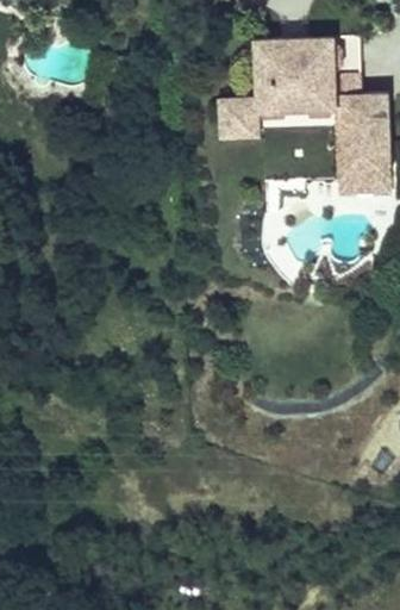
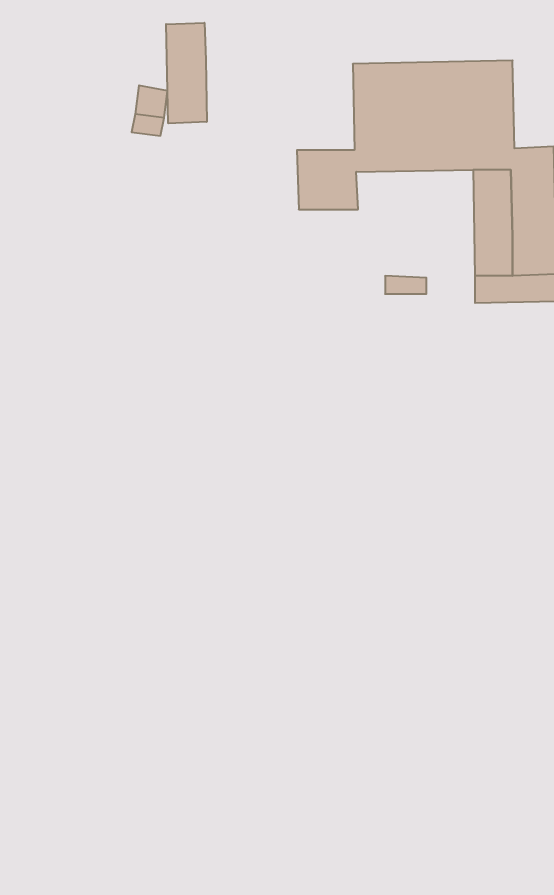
building: none -> [166,23,207,123]

